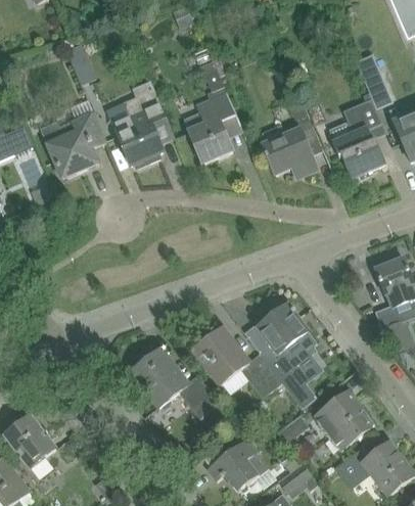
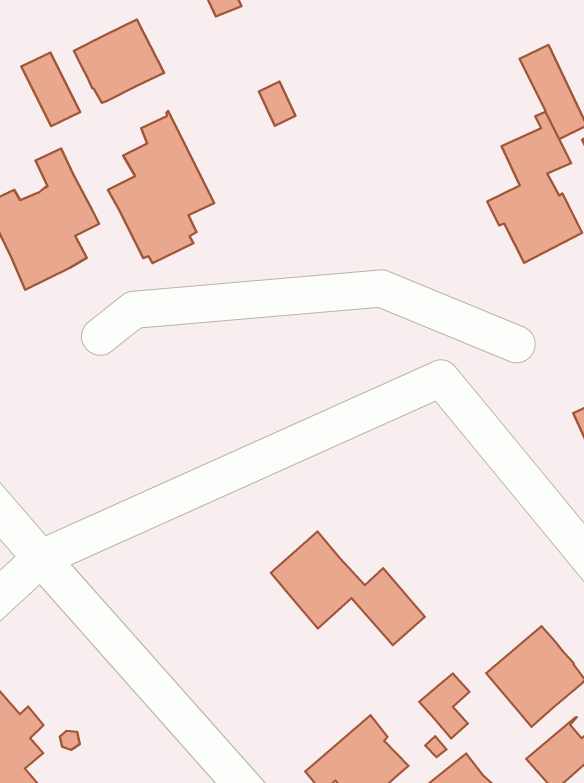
building: none -> [74,19,164,103]
building: [189,92,239,163] -> none
building: [263,96,322,174] -> none
building: [258,304,318,408] -> none
building: [133,350,220,417] -> none

